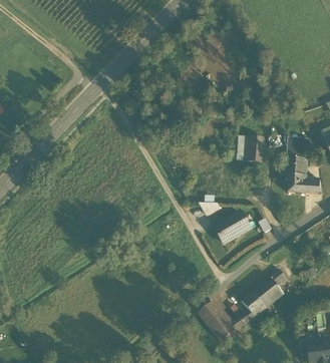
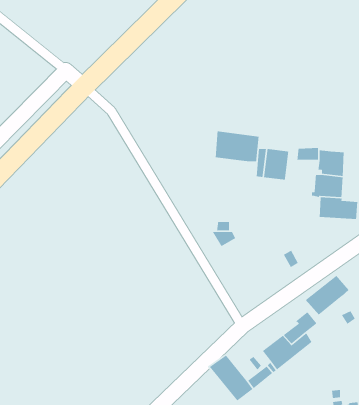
building: none -> [215,130,260,162]
building: [214,212,249,244] -> none
building: none -> [305,275,349,315]

